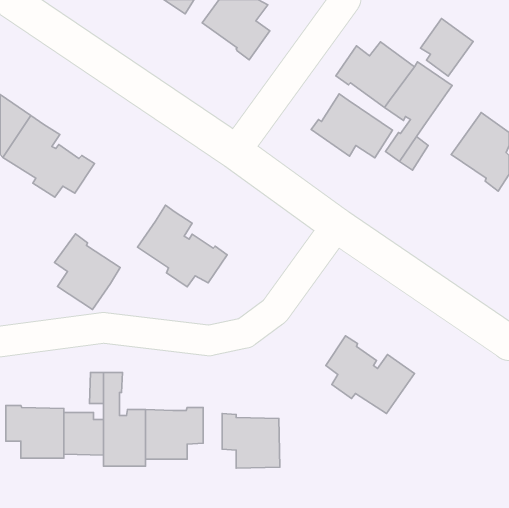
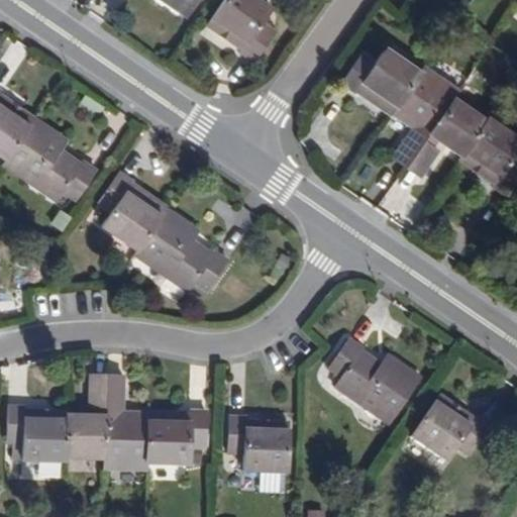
building: [420,18,473,76] -> [432,94,486,152]
building: [311,94,393,158] -> none
building: [55,234,120,309] -> [101,174,168,250]
building: none -> [412,394,492,459]

